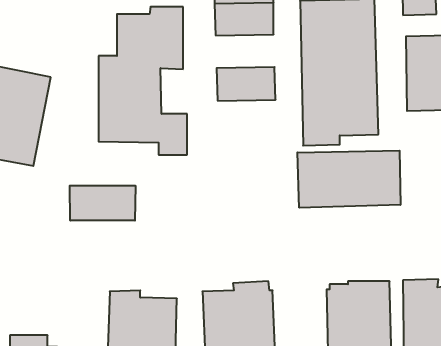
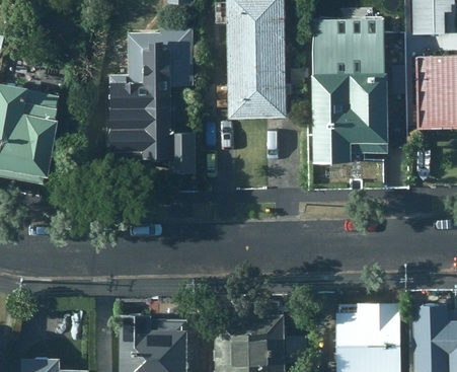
building: none -> [226,56,285,89]
building: [297,151,400,208] -> none
building: [70,186,135,221] -> none

